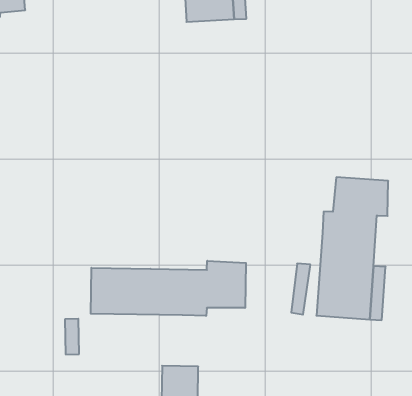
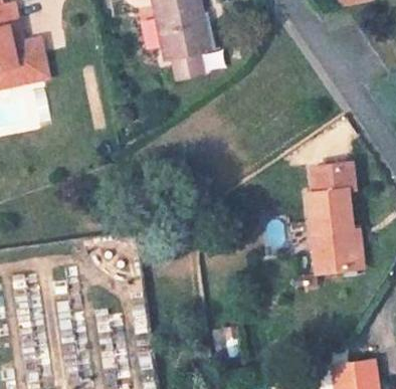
building: [91,261,246,316] -> none

